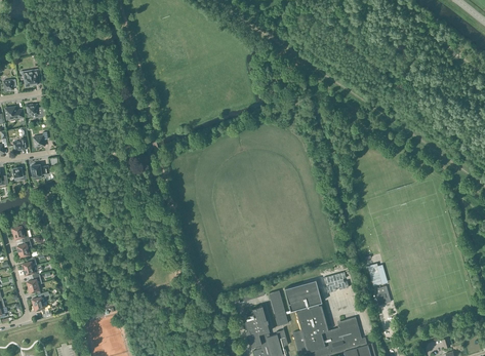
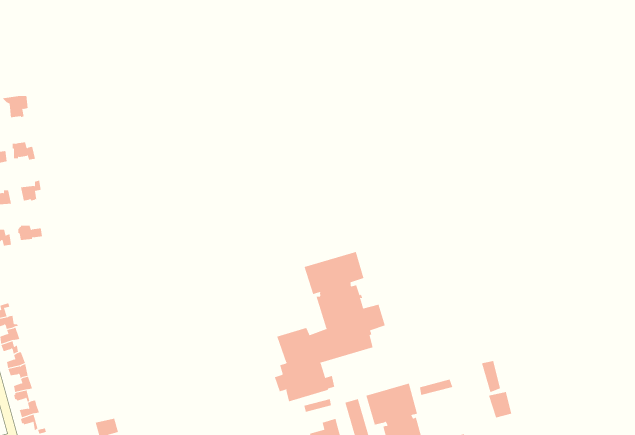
building: none -> [274,251,385,402]

